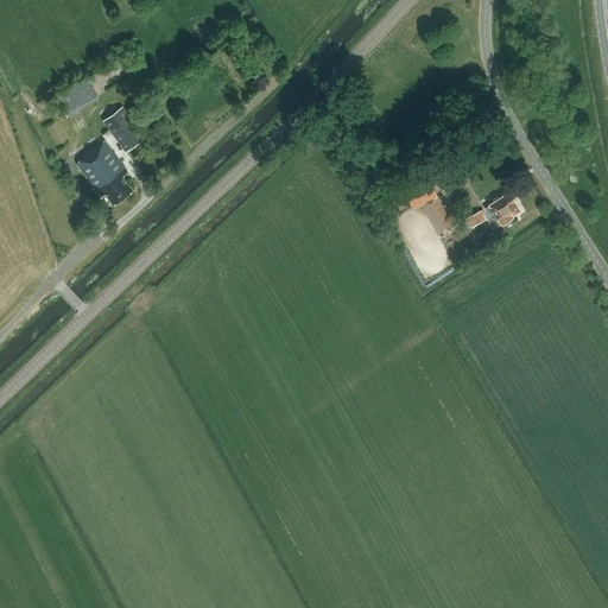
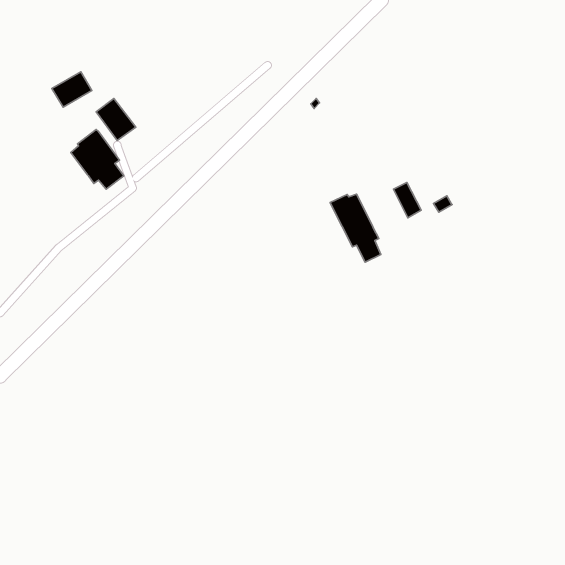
building: [489,191,521,226] -> none
building: none -> [330,194,381,262]

